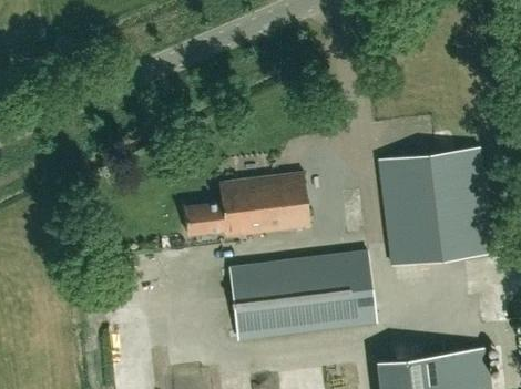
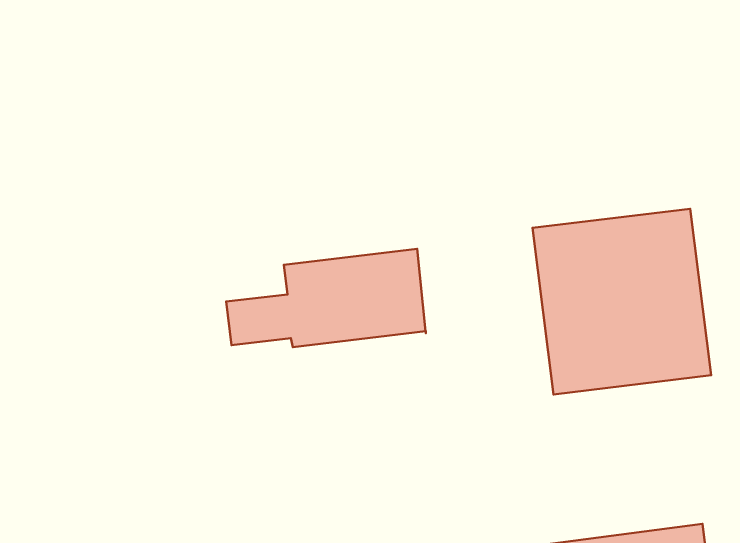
building: [231,252,377,338] -> none

